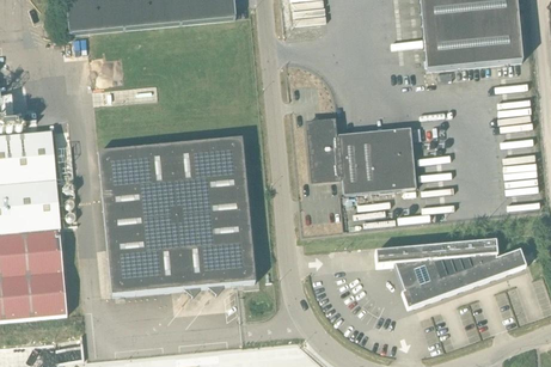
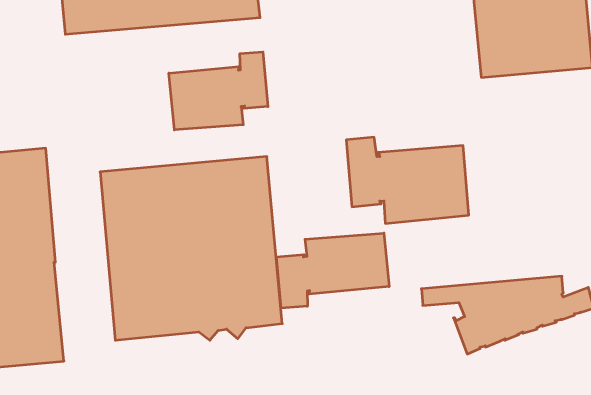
building: none -> [169,52,268,130]
building: none -> [276,233,389,308]

